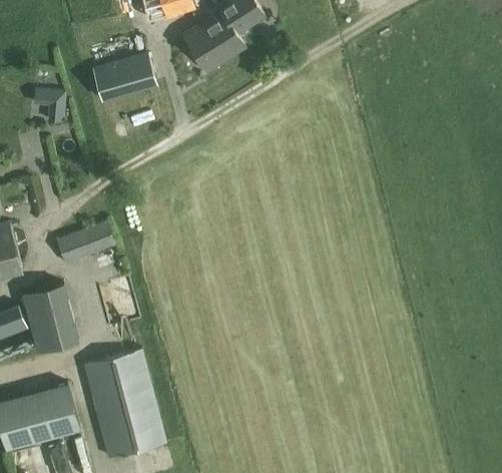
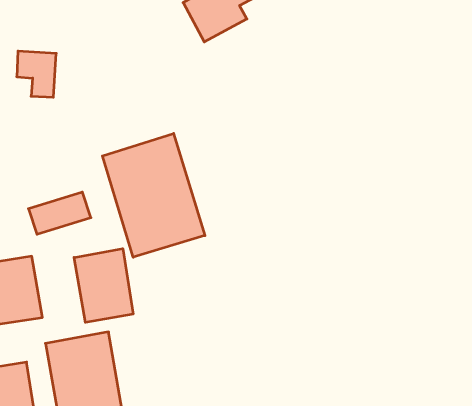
building: [93,53,156,100] -> none
building: none -> [102,133,205,257]
building: none -> [74,249,133,322]

